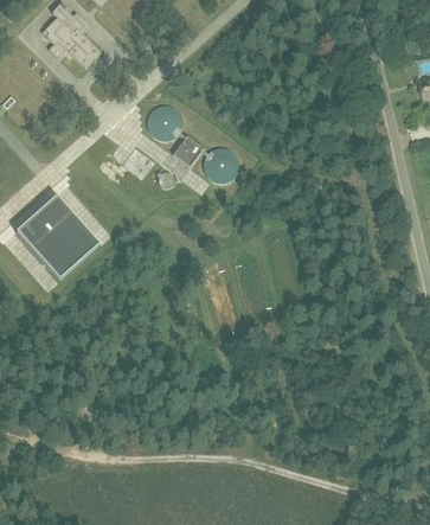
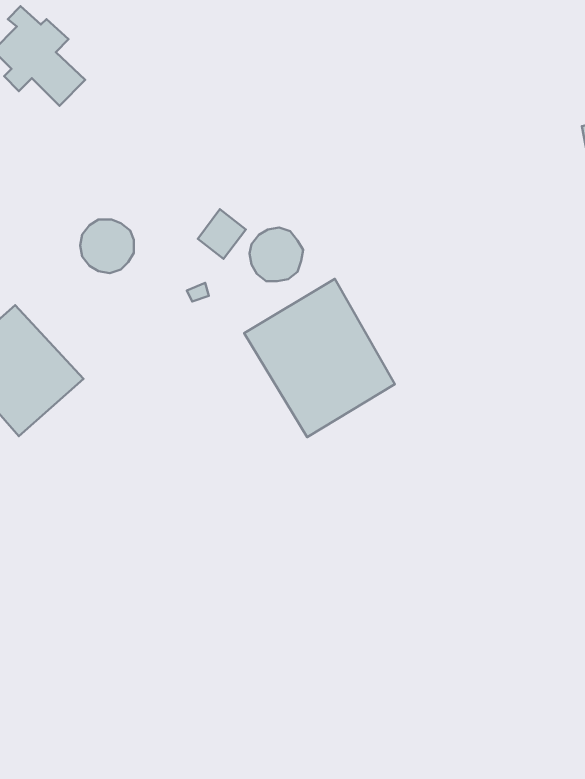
building: [148,105,182,140] -> [80,220,134,273]
building: none -> [244,279,395,437]

